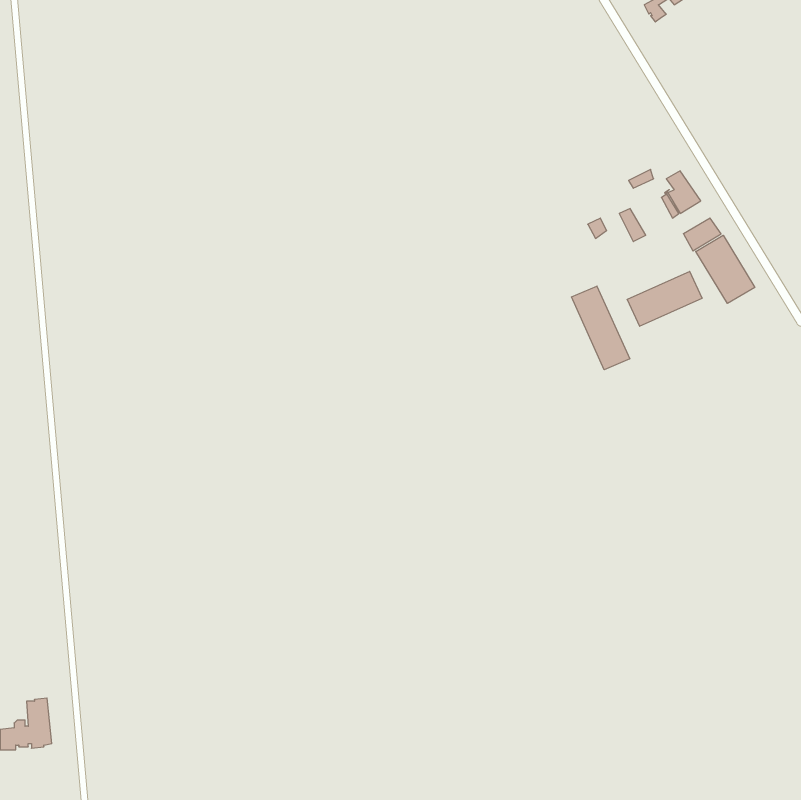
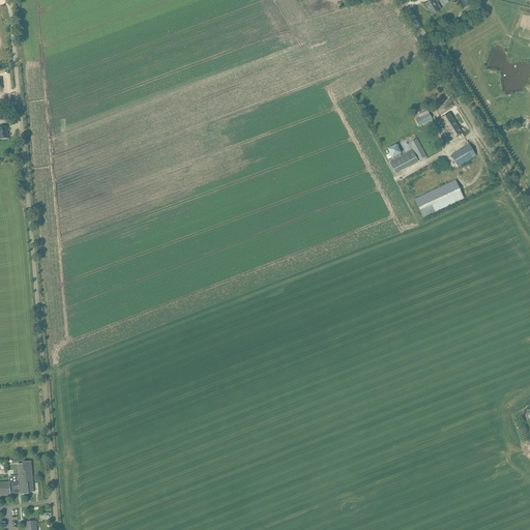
building: [696,235,755,303] -> none
building: [572,286,630,370] -> none

